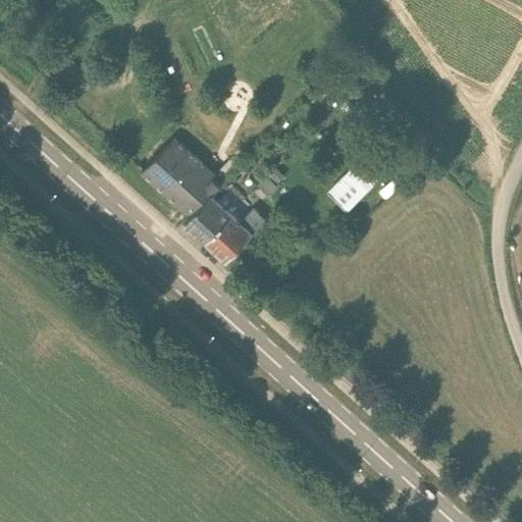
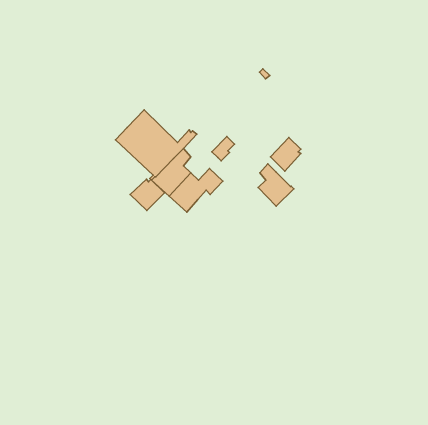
building: none -> [258,164,294,206]
building: none -> [130,179,165,210]

